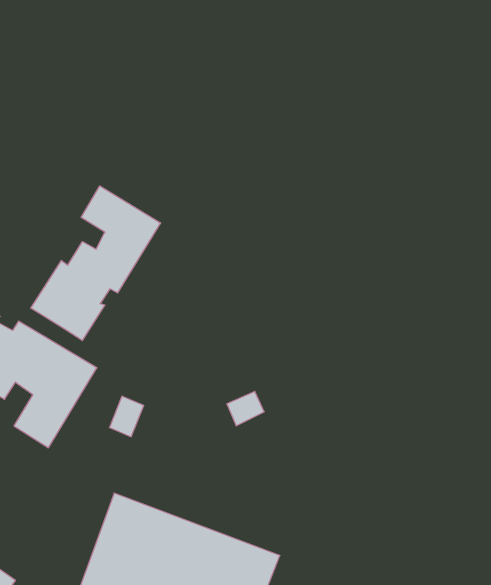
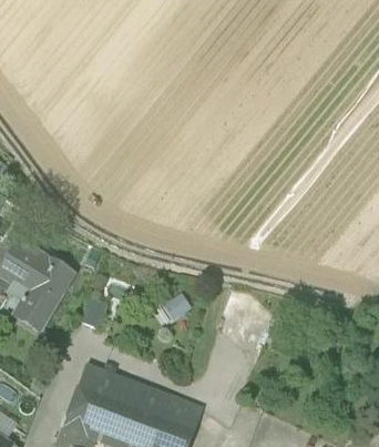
building: [31,186,161,341] -> none

